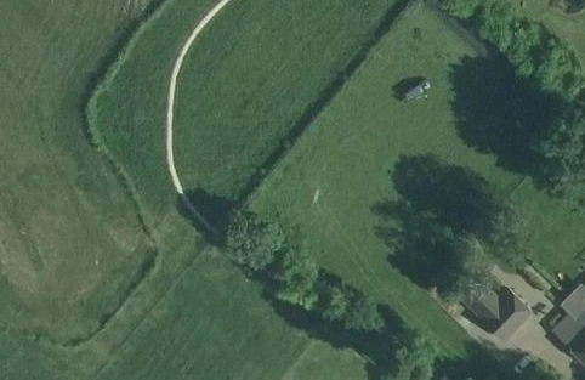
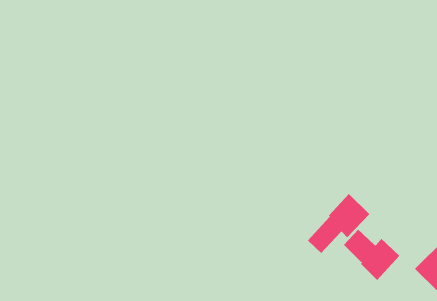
building: none -> [307,193,370,254]

